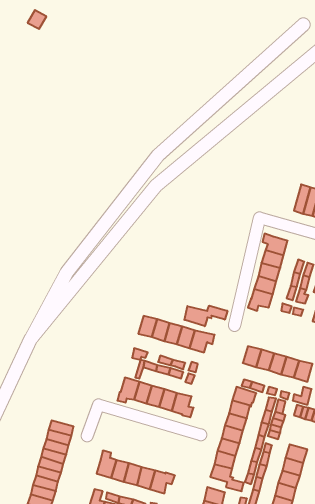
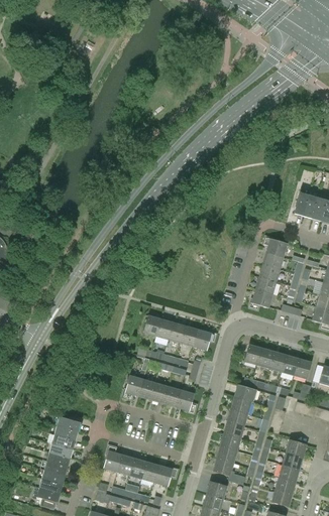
building: [184,306,227,326] -> none

